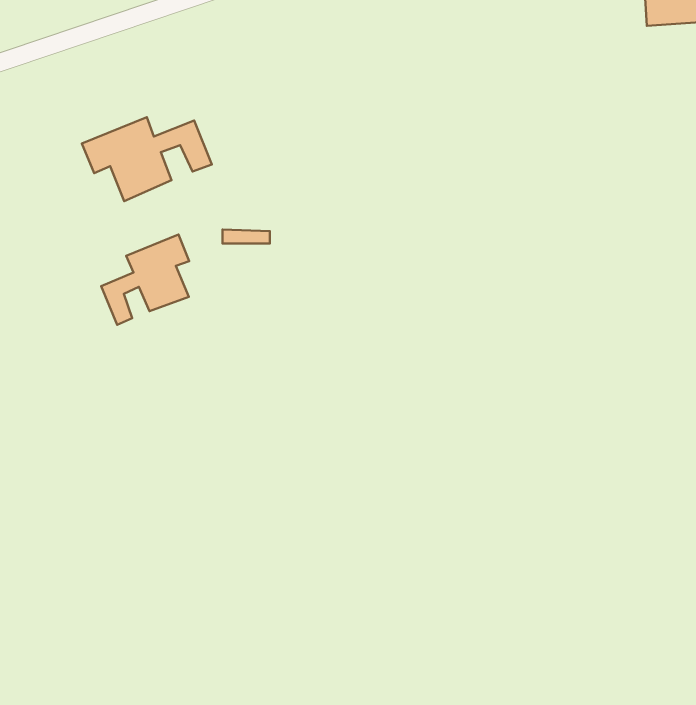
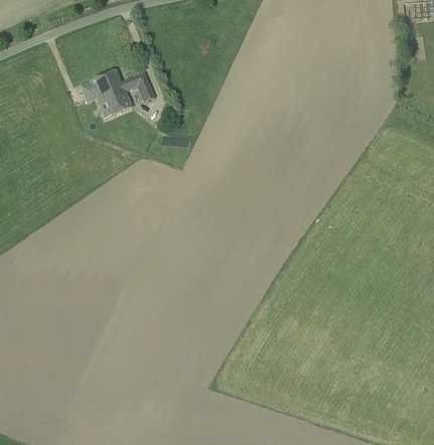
building: [101,235,189,325] -> none

